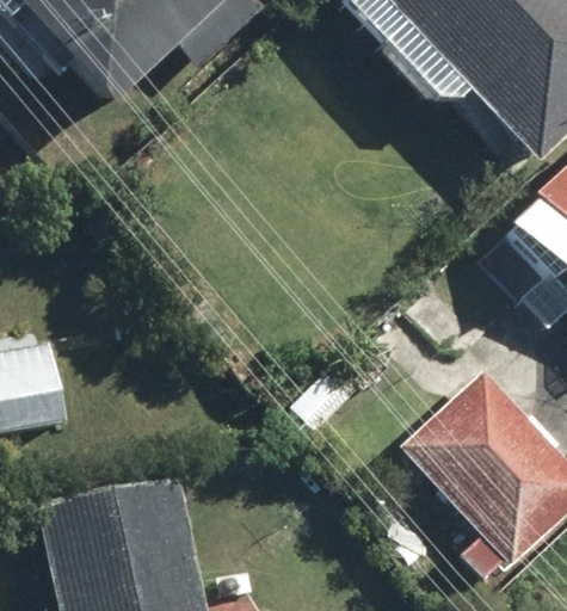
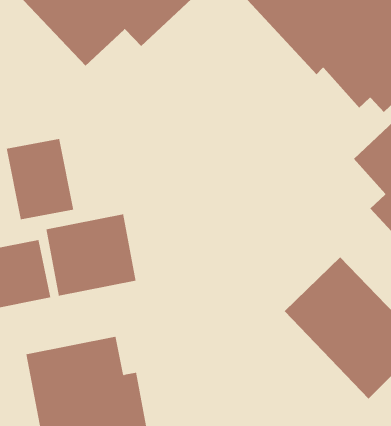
building: none -> [6,138,74,220]
building: none -> [46,214,136,297]

